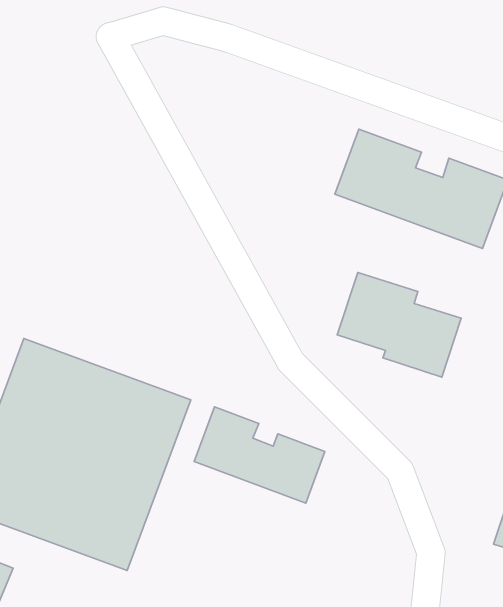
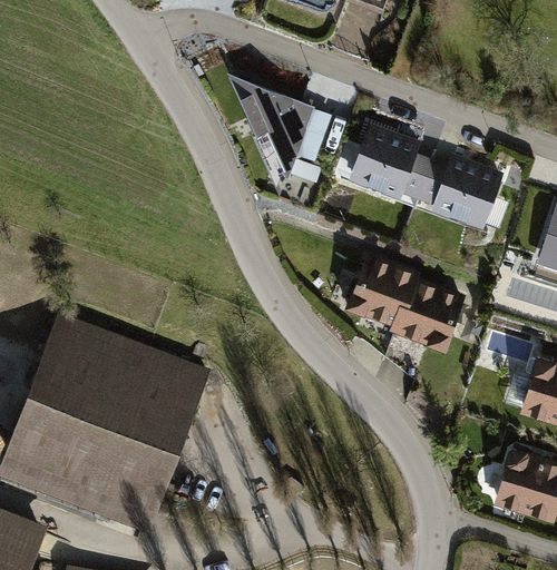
building: none -> [226,75,330,213]
building: [194,407,325,503] -> none

